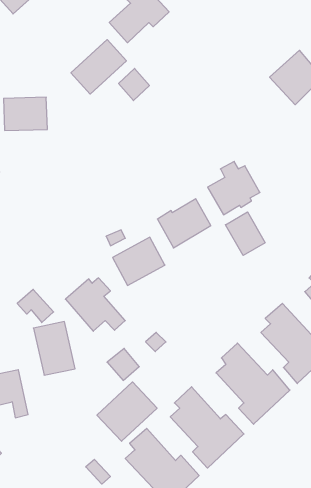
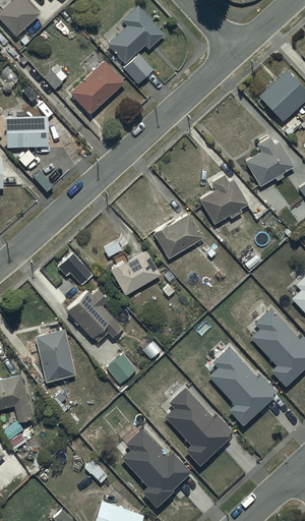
building: [119,68,149,101] -> [123,53,152,83]
building: none -> [246,138,294,188]
building: [225,212,265,255] -> none
building: [17,289,54,323] -> [58,254,93,286]
building: [97,382,157,441] -> none

